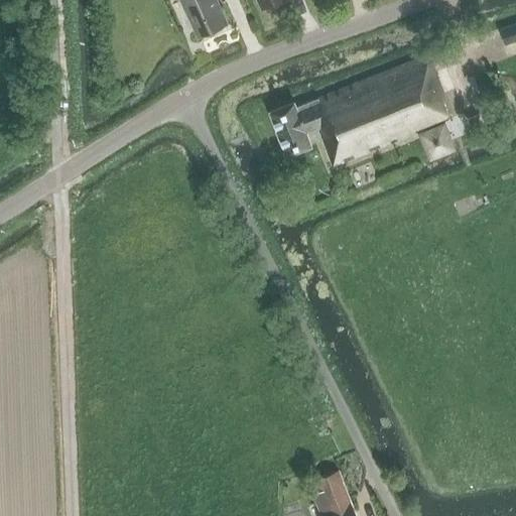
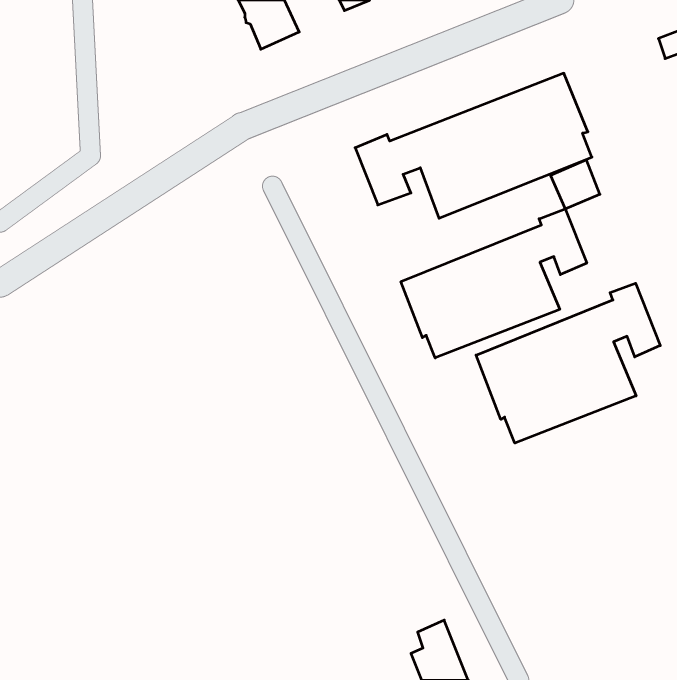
building: none -> [401,209,587,358]
building: none -> [476,283,660,443]

